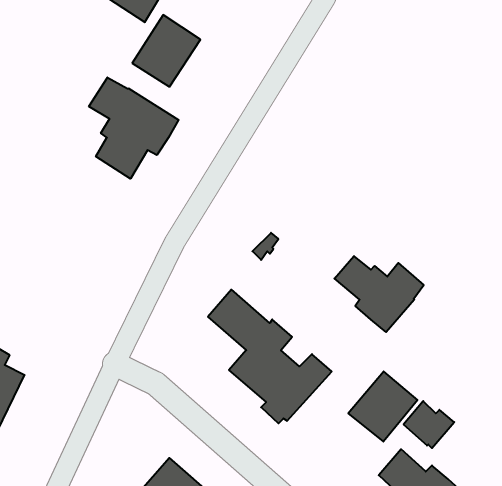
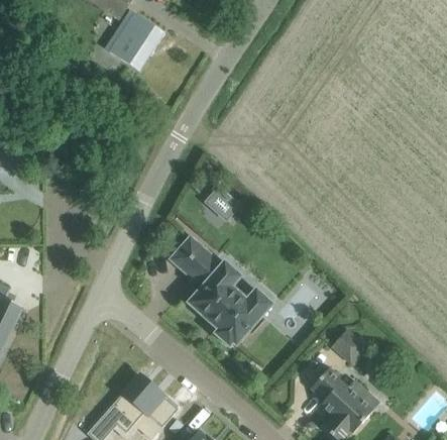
building: [89,77,179,179] -> none
building: [334,256,424,332] -> none
building: [348,371,417,442] -> none

